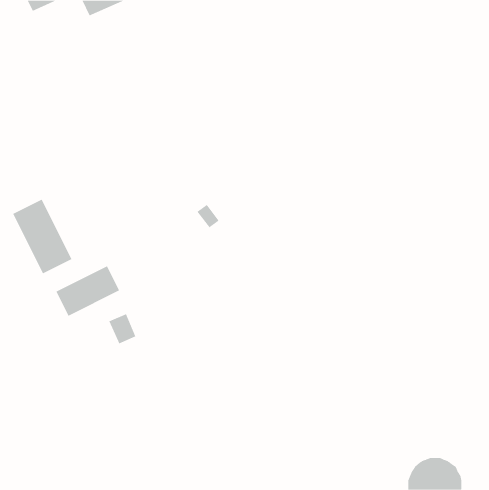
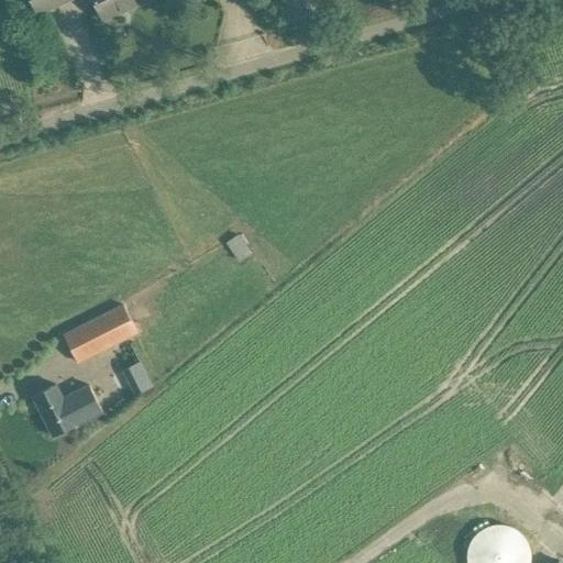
building: [13,199,72,274] -> none
building: none -> [33,384,102,435]

